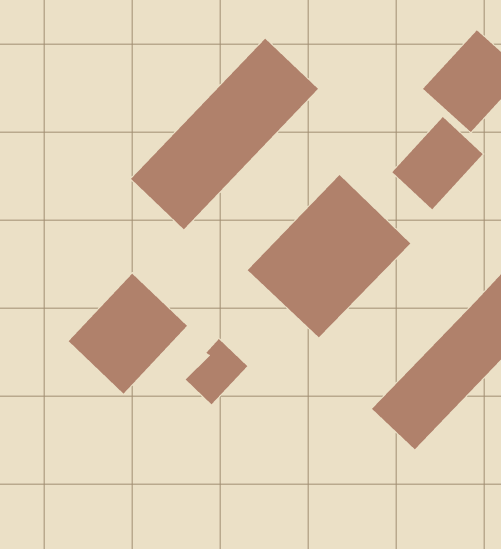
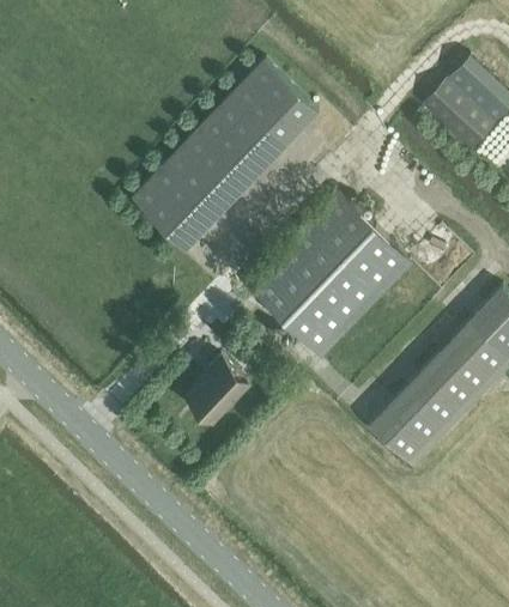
building: [392,116,484,210] -> none
building: [68,273,188,395] -> none

